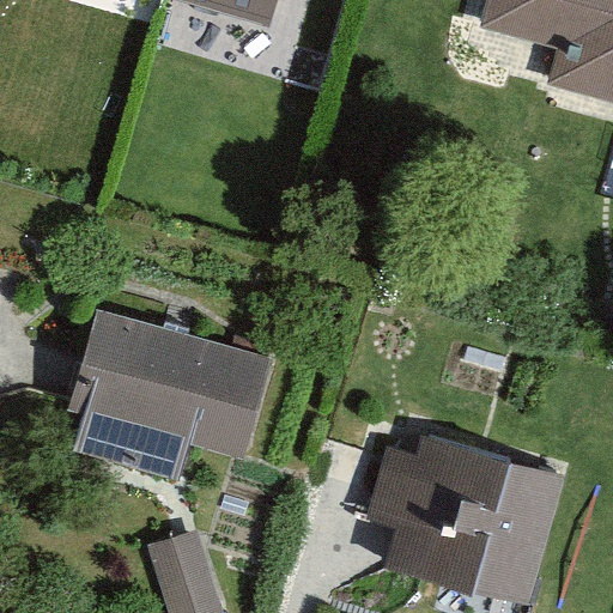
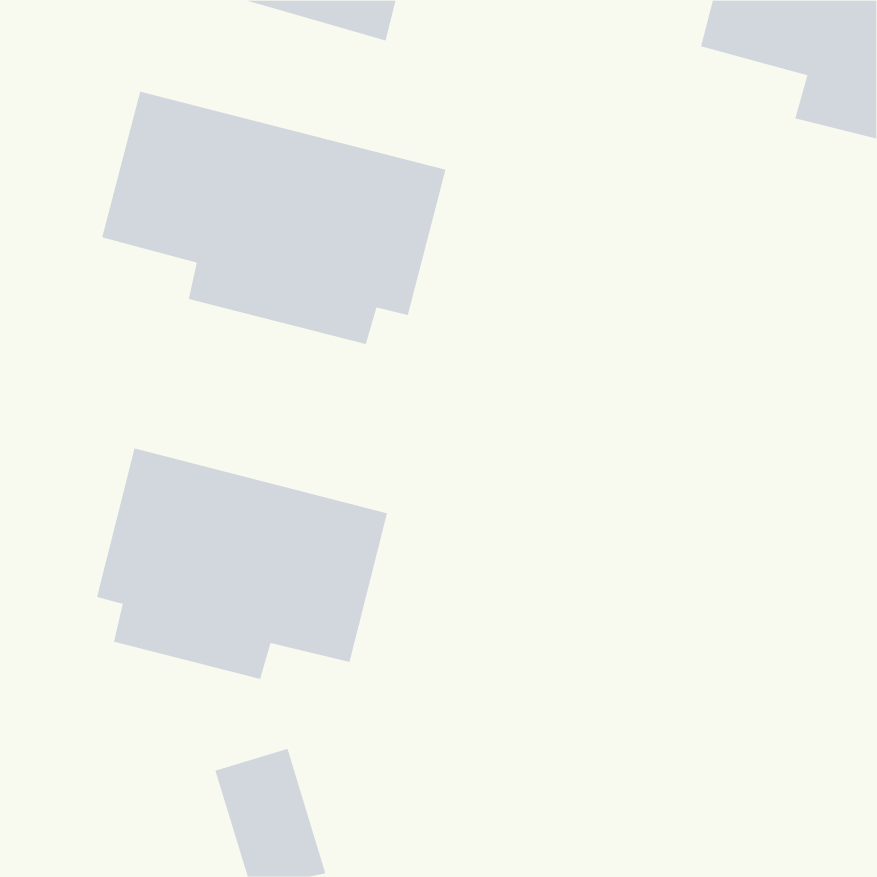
building: none -> [102,91,446,345]
building: [369,435,563,599] -> none

